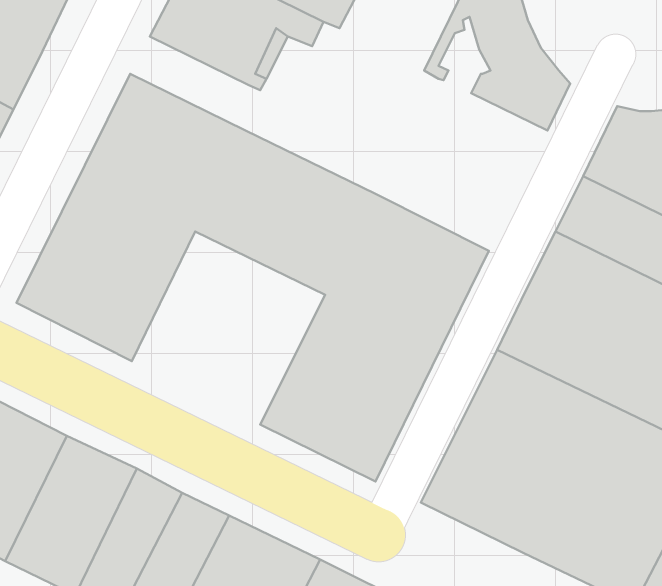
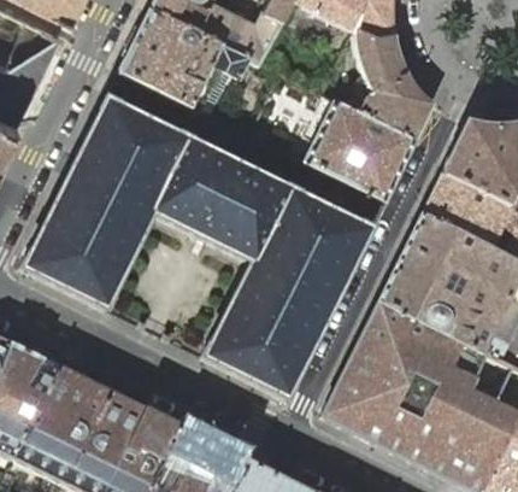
building: none -> [307,100,417,199]

